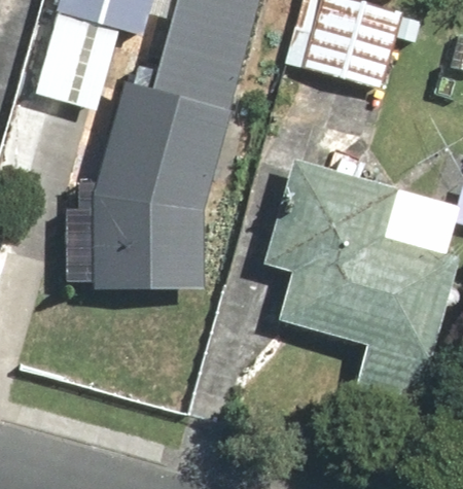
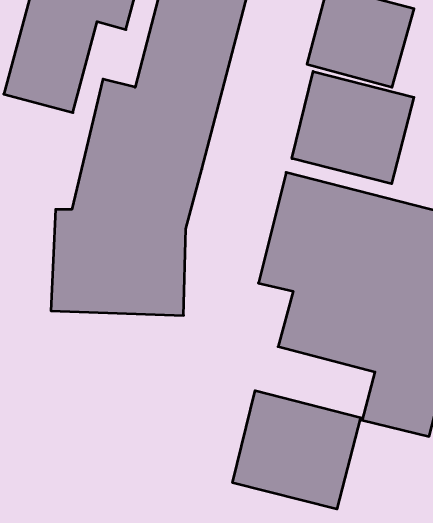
building: none -> [292,71,414,184]
building: none -> [233,391,361,509]

